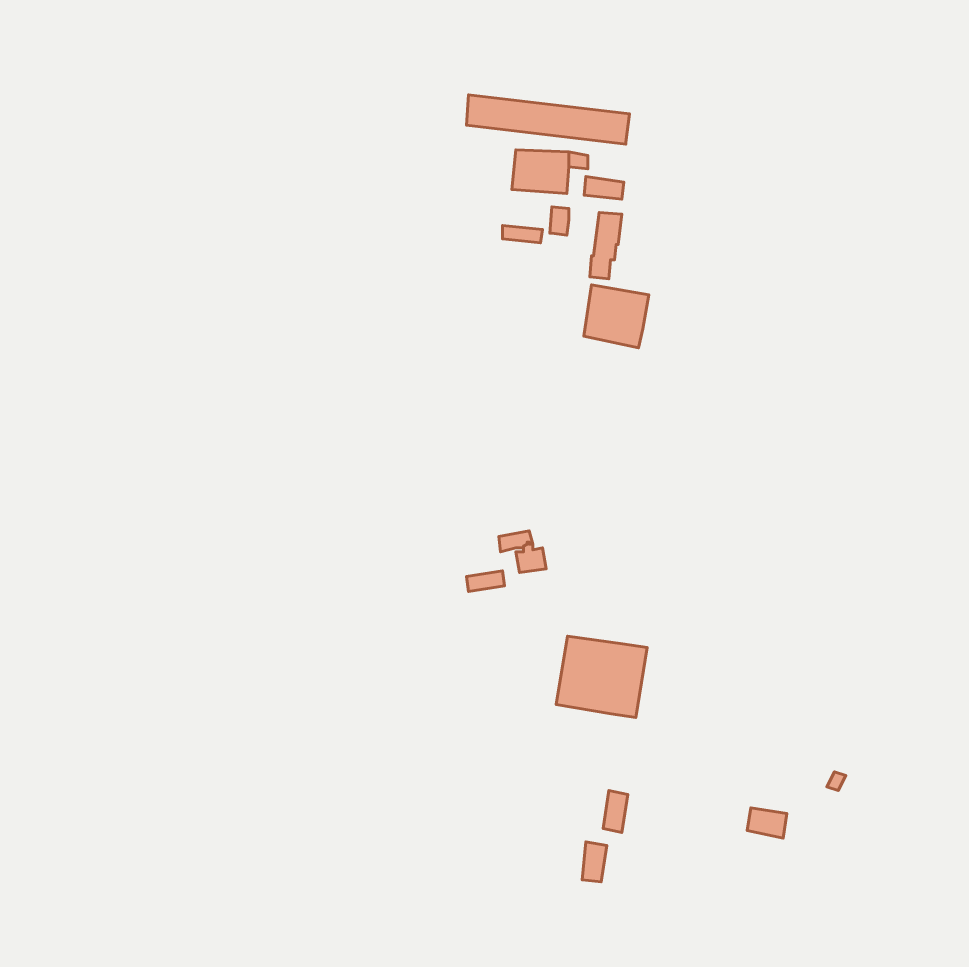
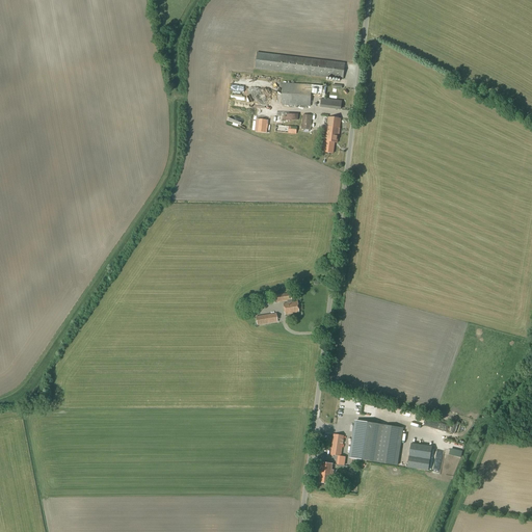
building: [584,285,649,348] -> none
building: [556,636,647,718] -> [349,420,399,464]

